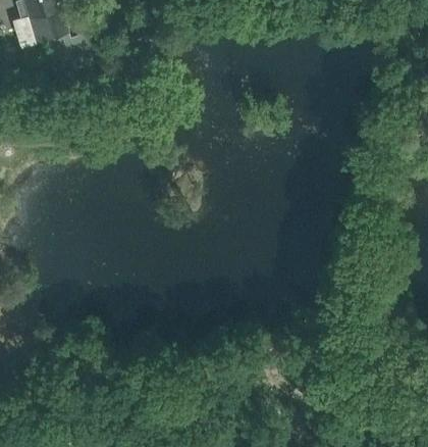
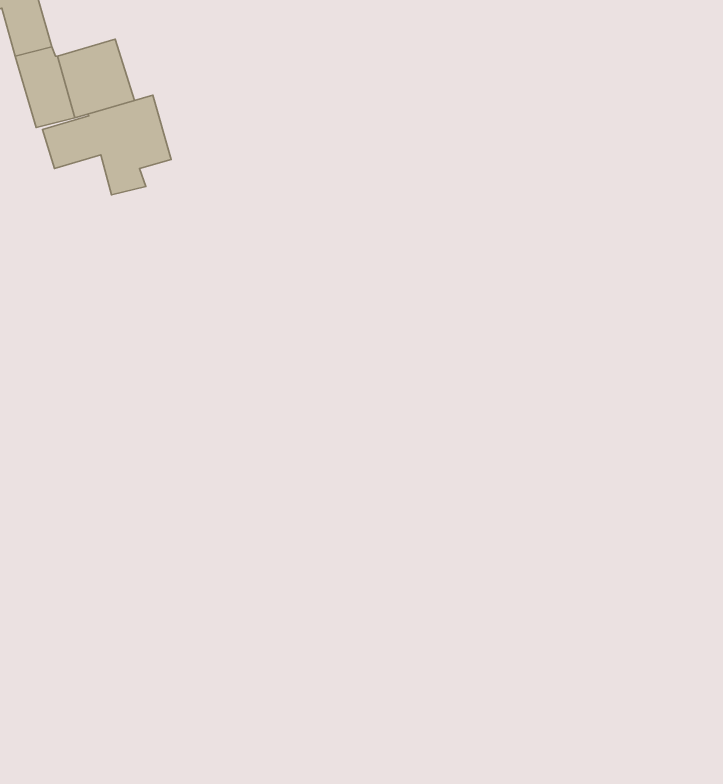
building: none -> [42,95,171,195]

